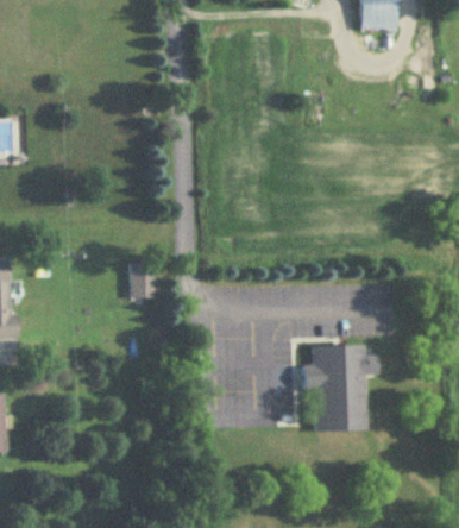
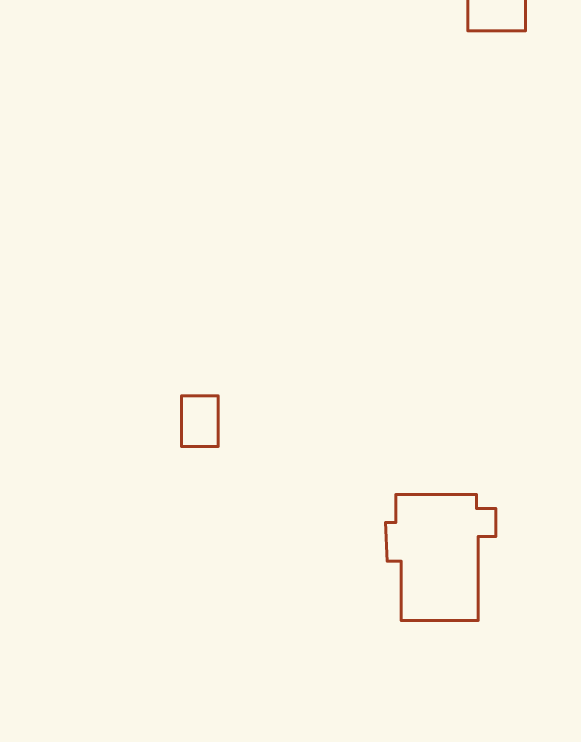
building: [130,263,155,297] -> [181,396,218,447]

